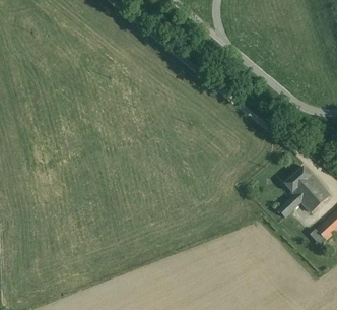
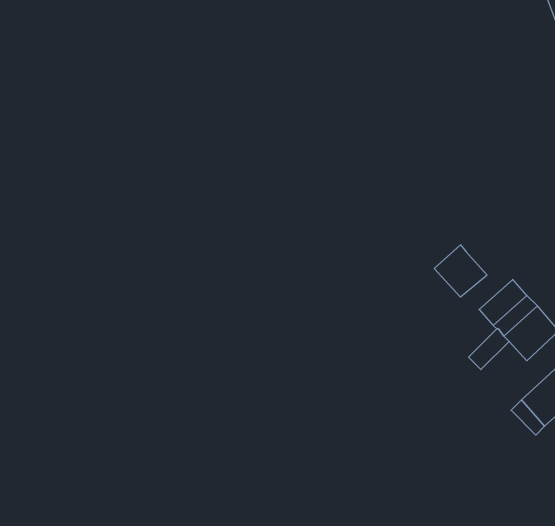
building: none -> [434,245,487,297]

